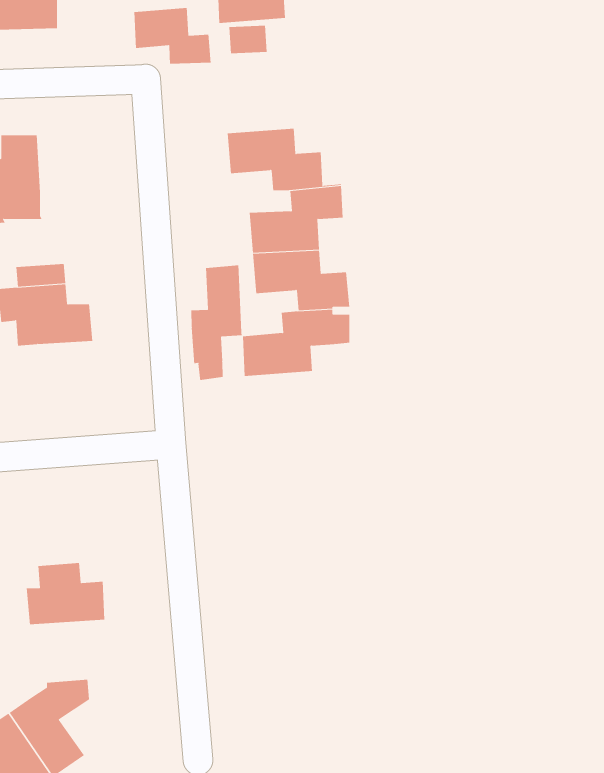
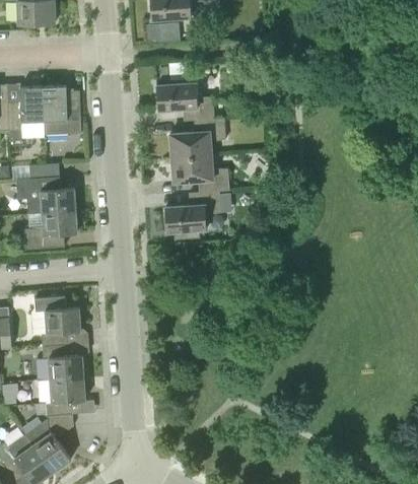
building: [134,7,211,64] -> none
building: none -> [42,86,80,136]
building: [191,264,242,381] -> none
building: none -> [25,211,76,250]
building: none -> [33,296,79,346]
building: none -> [37,378,84,416]

